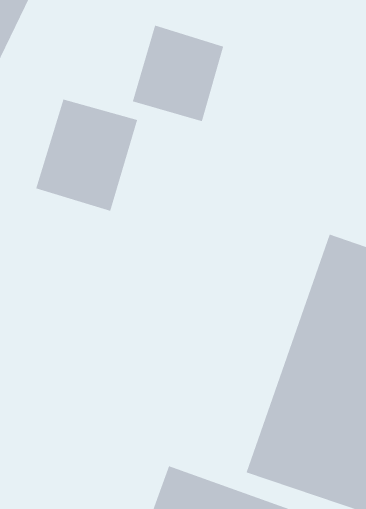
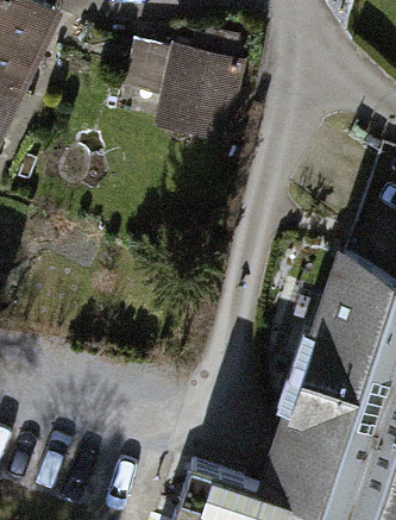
building: [35,99,138,212] -> none

